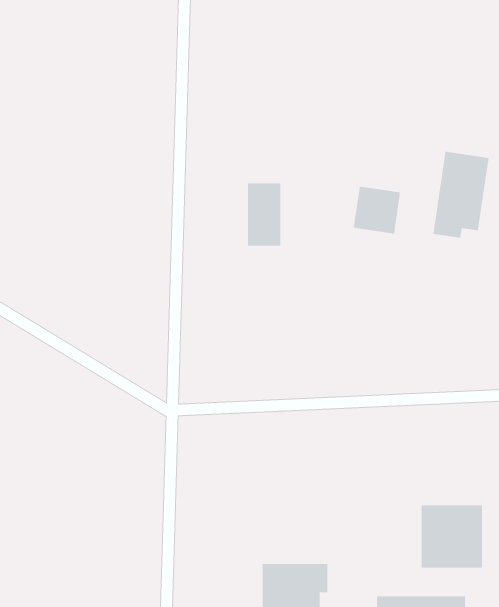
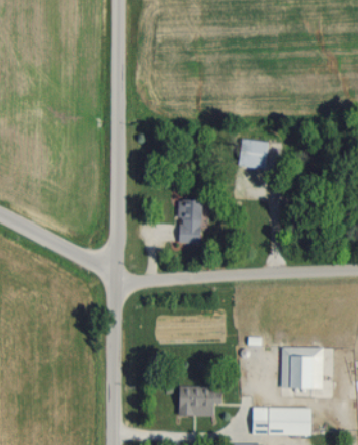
building: [433,151,489,239] -> none
building: [247,183,281,246] -> [179,201,201,243]

